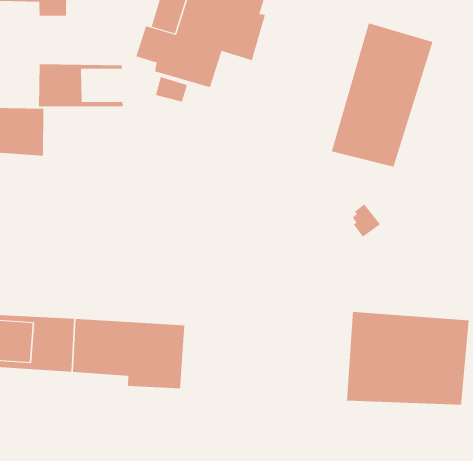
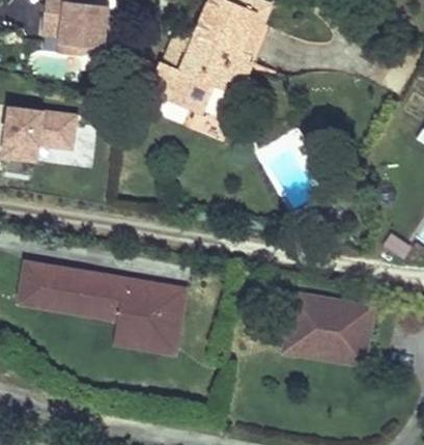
building: [331,23,433,168] -> none
building: [39,63,123,107] -> none
building: none -> [115,286,183,353]

